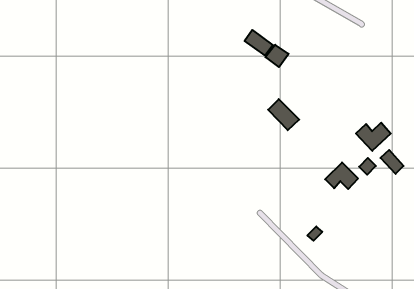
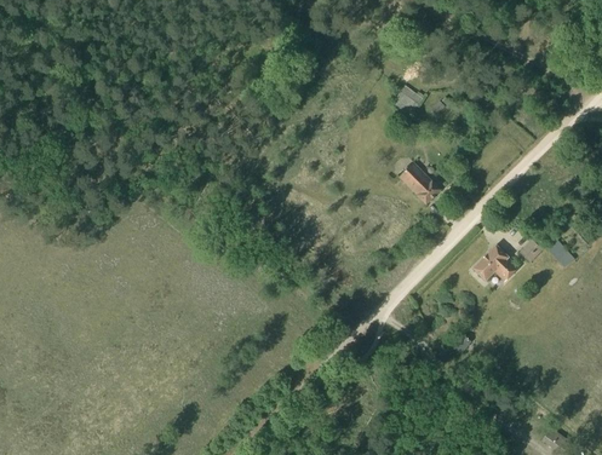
building: [245,30,273,55] -> none
building: [356,123,391,151] -> none

